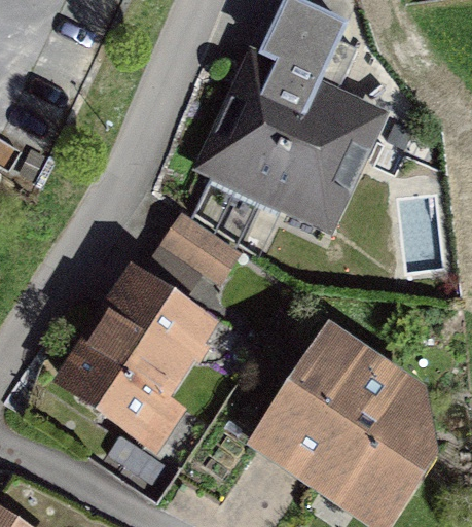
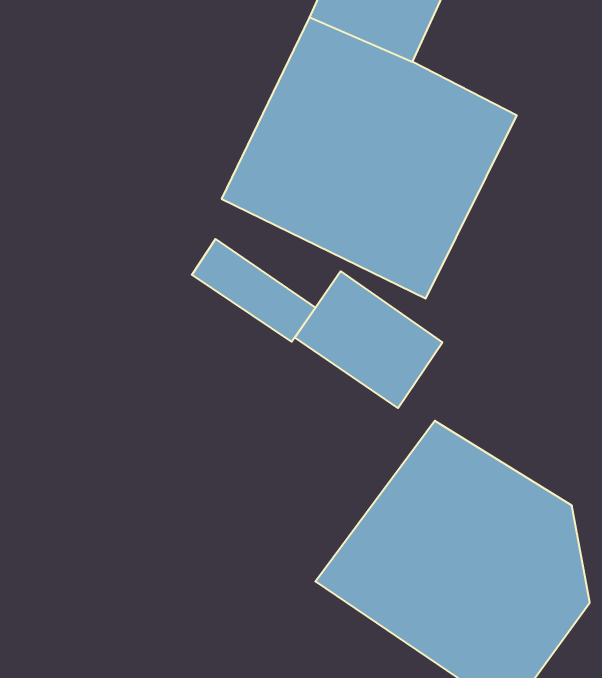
building: none -> [295,271,442,408]
building: [57,262,224,437] -> none

